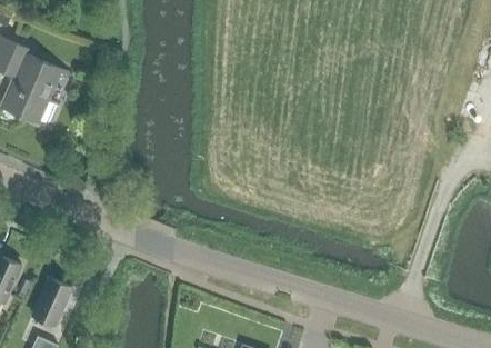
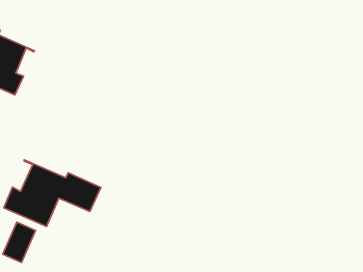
building: none -> [4,160,101,227]

